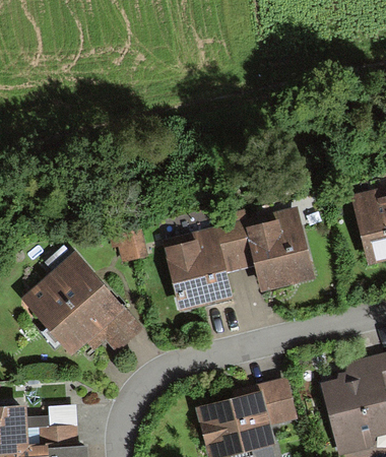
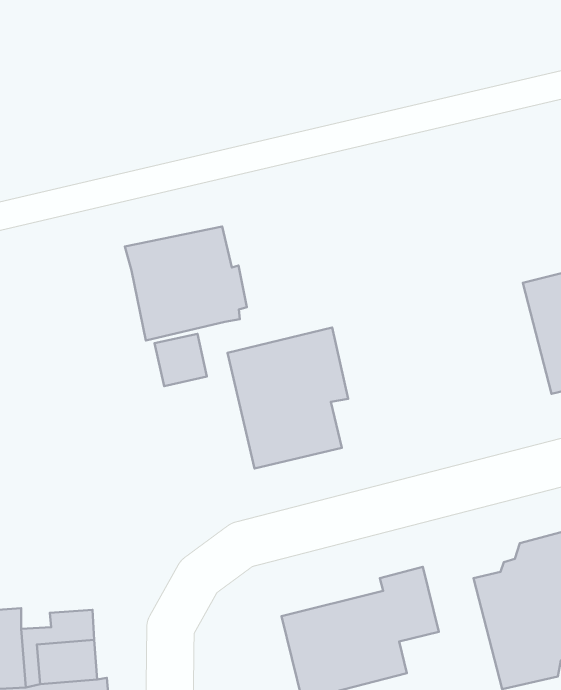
building: none -> [125,226,247,340]
building: [226,206,316,292] -> none
building: [21,252,143,354] -> none

